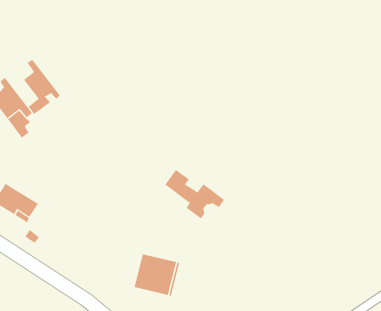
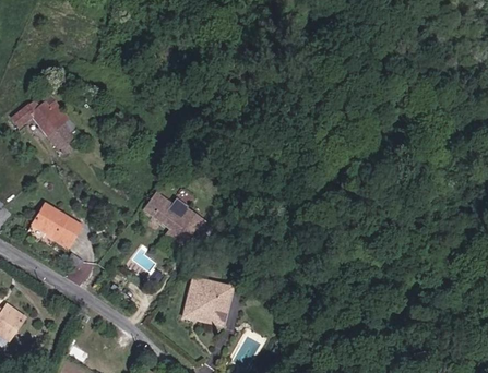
building: [23,59,61,115] -> none
building: [164,169,225,219] -> [144,193,209,246]

